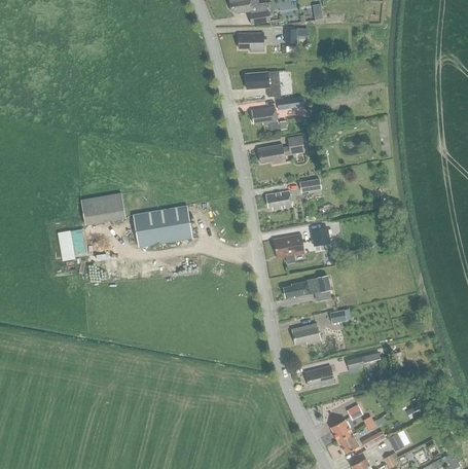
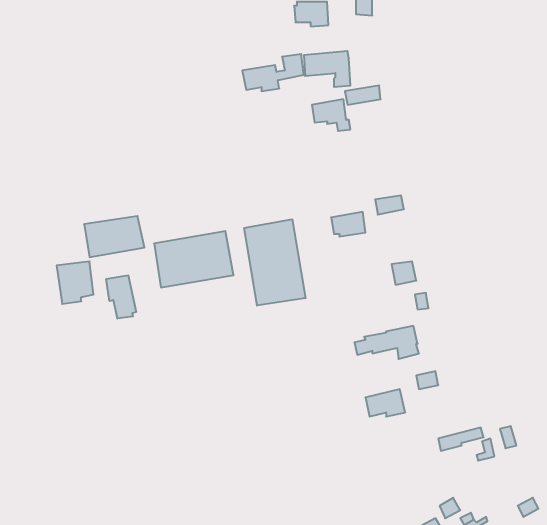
building: [257,136,303,164] -> [242,54,304,91]
building: none -> [244,219,305,306]
building: [273,234,303,258] -> none
building: none -> [106,275,136,319]
building: [304,365,333,387] -> none

